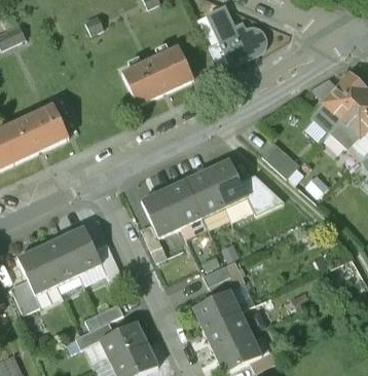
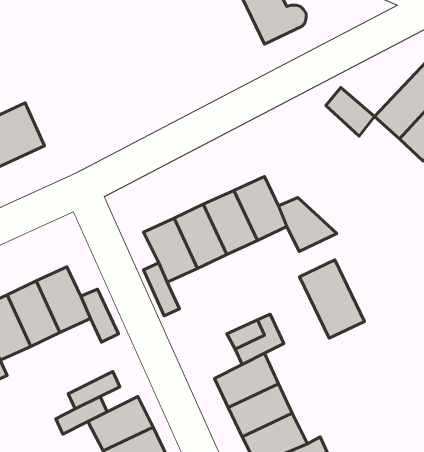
building: [122,46,193,104] -> none
building: [261,142,297,178] -> [326,87,374,136]
building: none -> [300,260,365,338]

